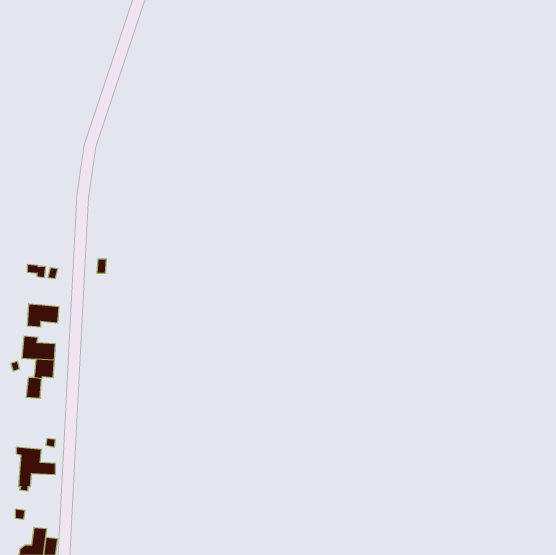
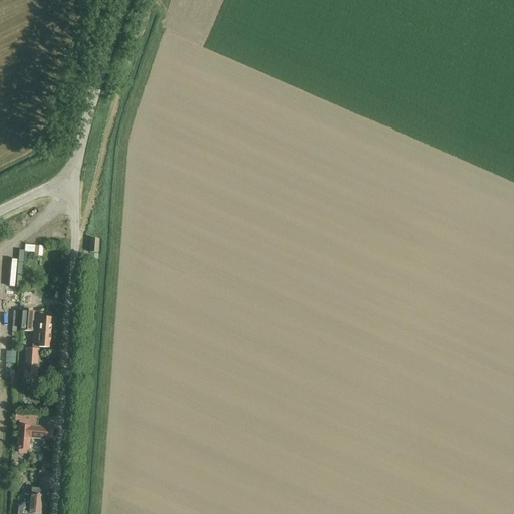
building: [27,304,59,327] -> none

